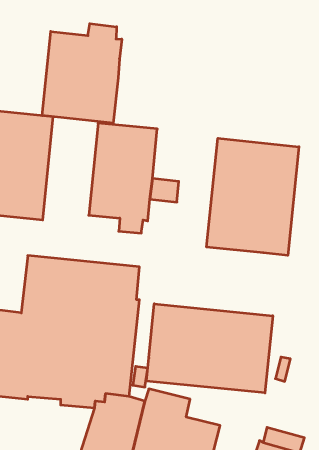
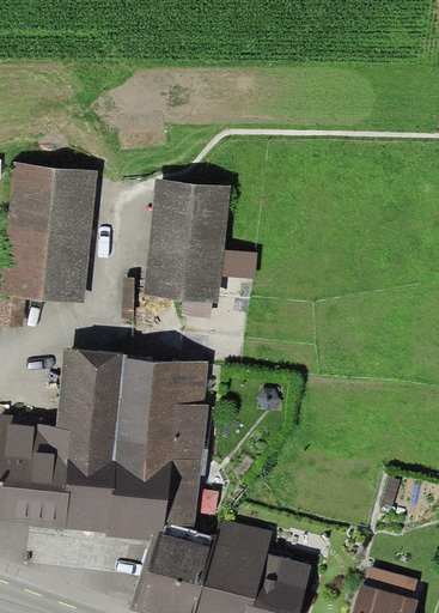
building: [42,24,122,123] -> none
building: [207,138,299,255] -> none
building: [146,304,273,393] -> none

